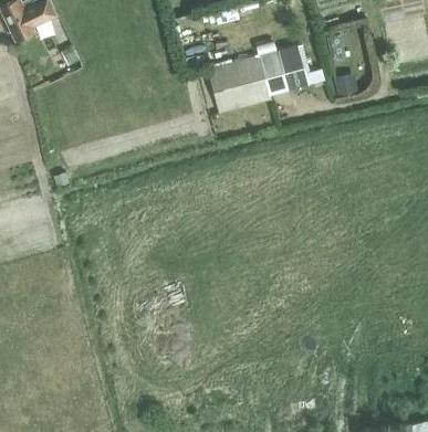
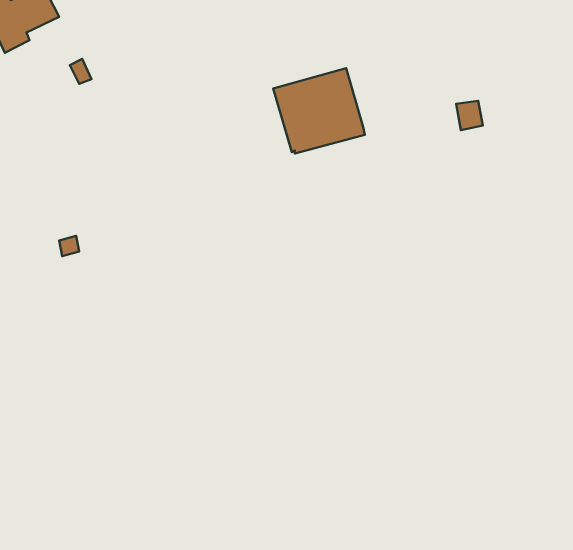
building: [258,43,324,95] -> none

